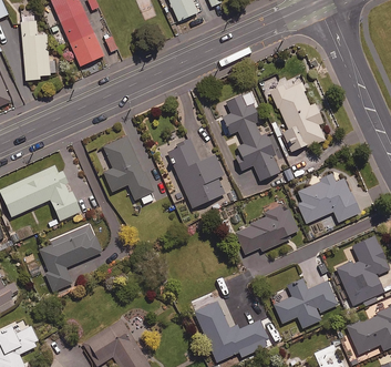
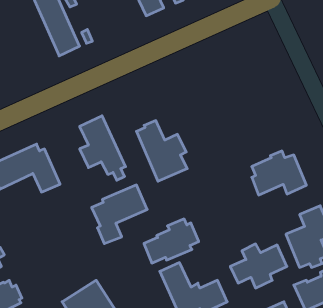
building: [20,19,56,79] -> none
building: [269,75,327,151] -> none
building: [220,94,280,180] -> none
building: [236,204,298,254] -> [144,219,199,263]
building: [39,224,102,290] -> [92,185,147,244]

